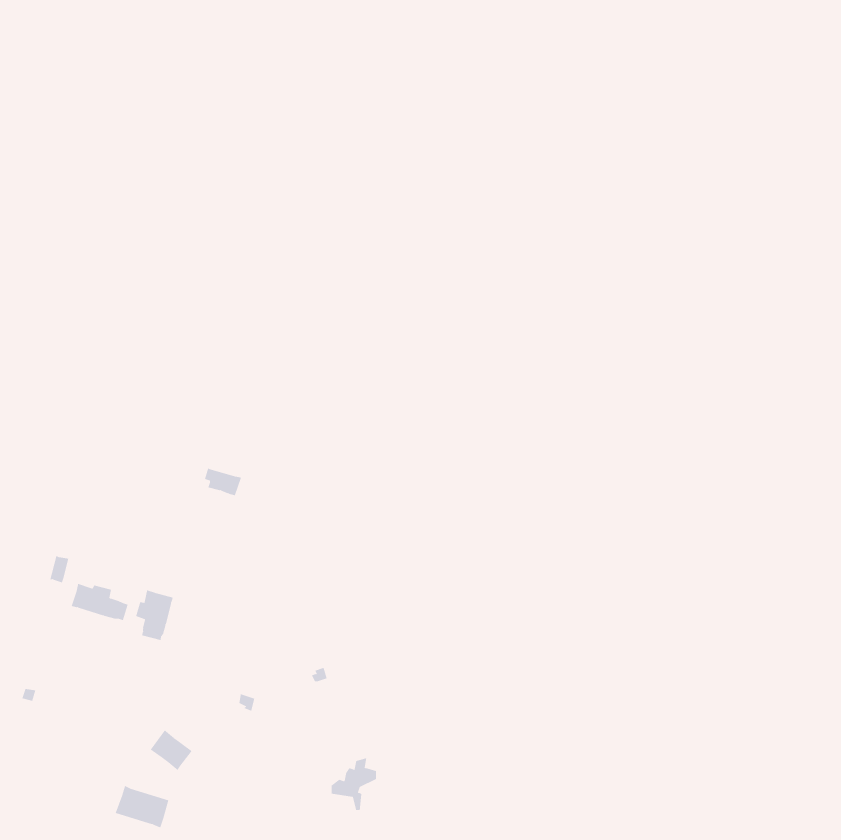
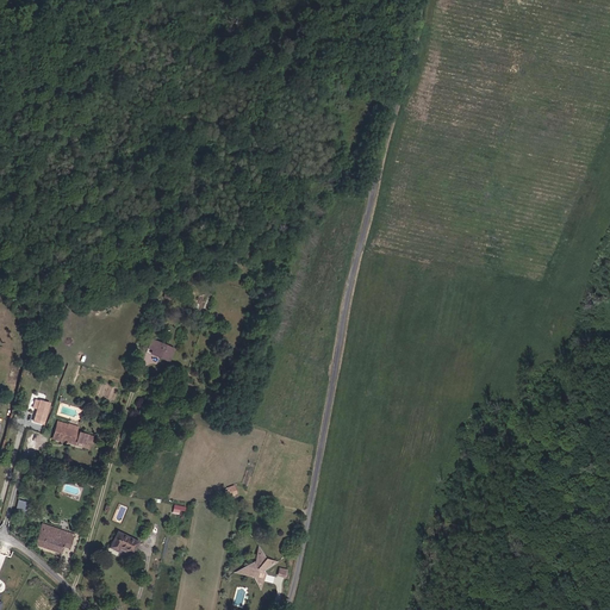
building: [135,589,174,641] -> none
building: [115,785,169,828] -> [35,523,74,554]

